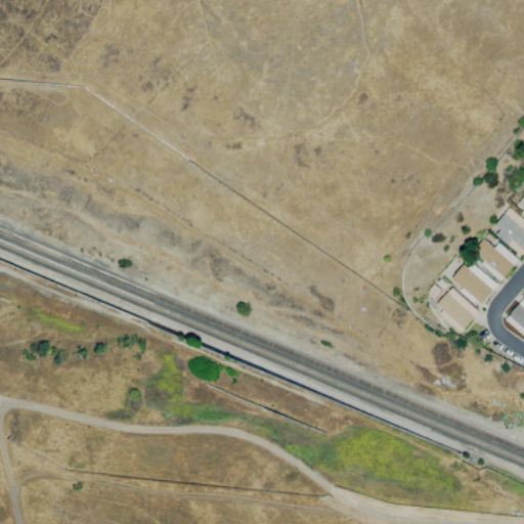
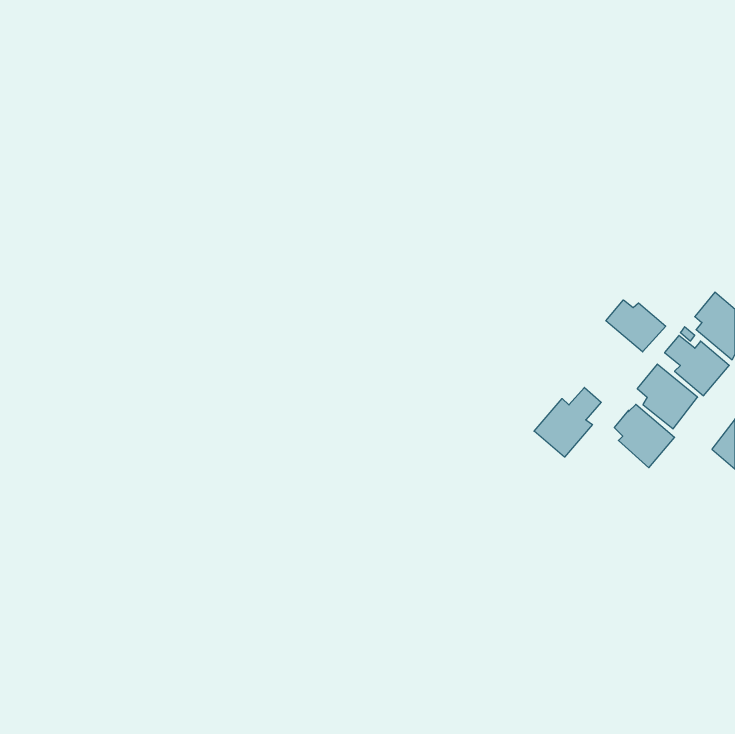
building: none -> [606,300,666,352]
building: none -> [534,387,601,457]

